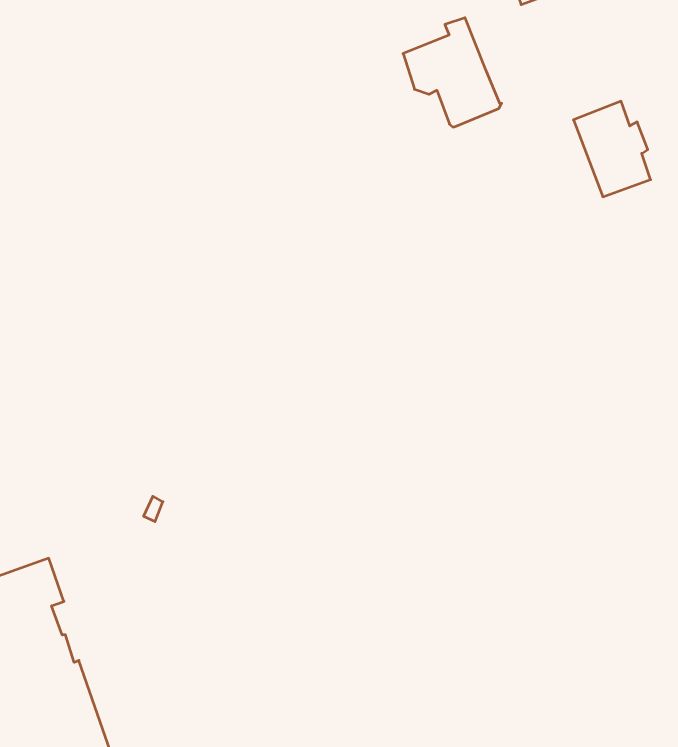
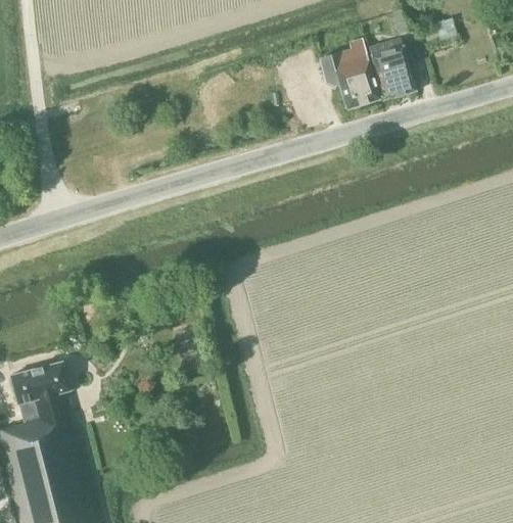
building: [573,101,651,197] -> [369,38,415,98]

